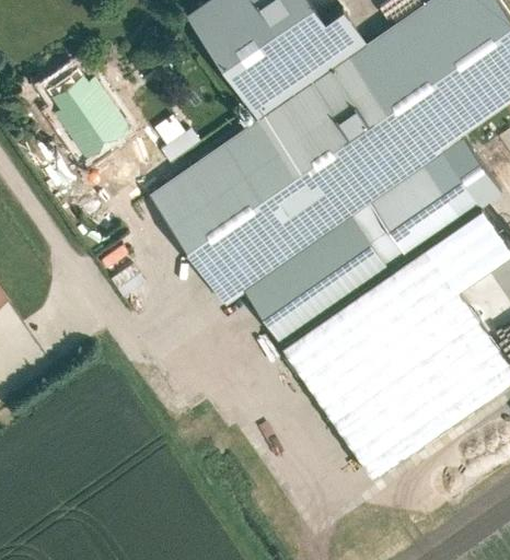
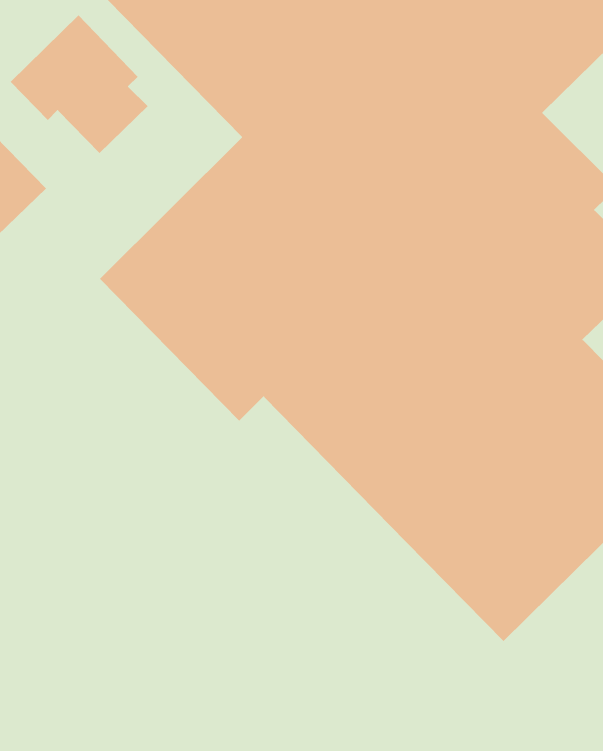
building: none -> [10,14,148,154]

